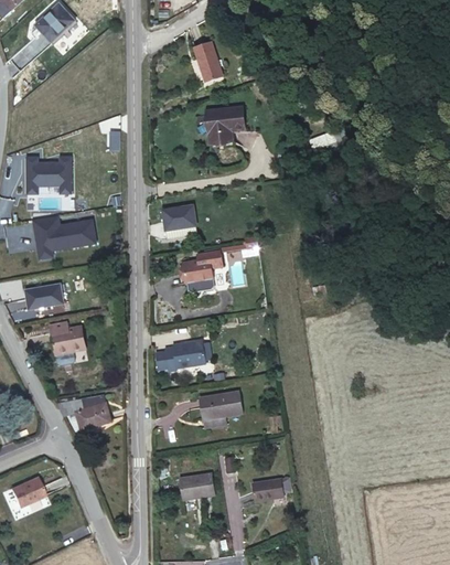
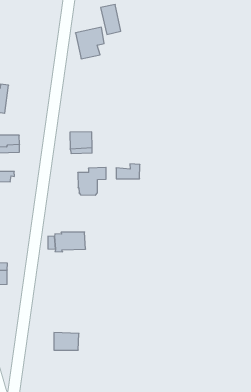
building: [203,96,243,141] -> [75,27,104,59]
building: [195,388,237,415] -> none
building: [253,476,283,500] -> none

